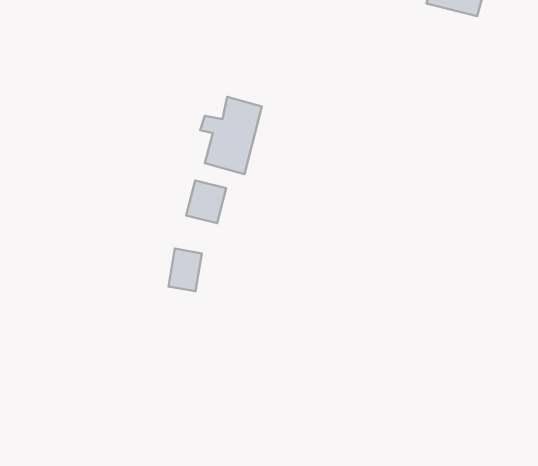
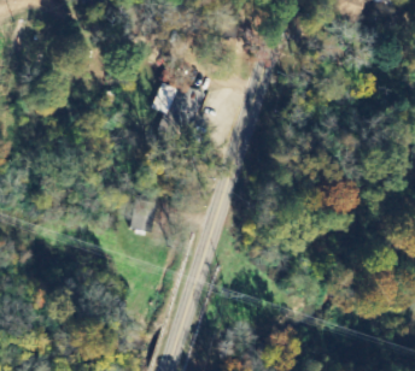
building: [186,180,226,223] -> none

